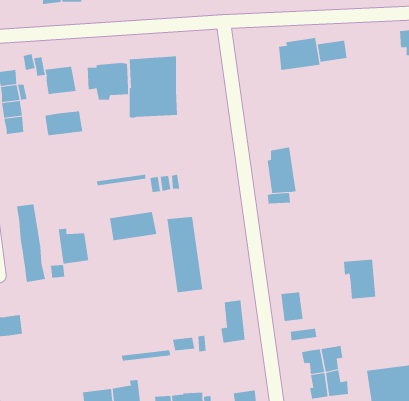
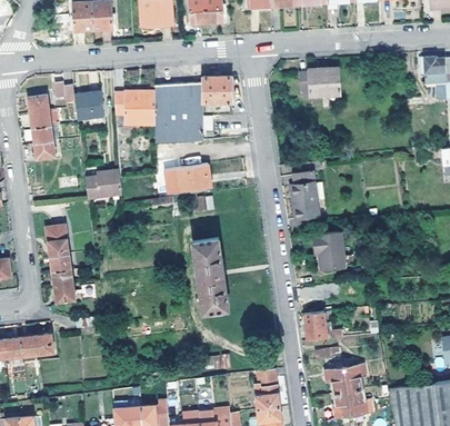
building: [317,40,347,62] -> none
building: none -> [203,76,234,101]
building: [44,111,83,136] -> [86,172,123,197]
building: [109,211,157,241] -> [166,162,212,191]
building: [58,228,89,264] -> none
building: [343,259,376,299] -> [318,234,350,273]
building: [221,300,246,343] -> [256,368,280,410]

